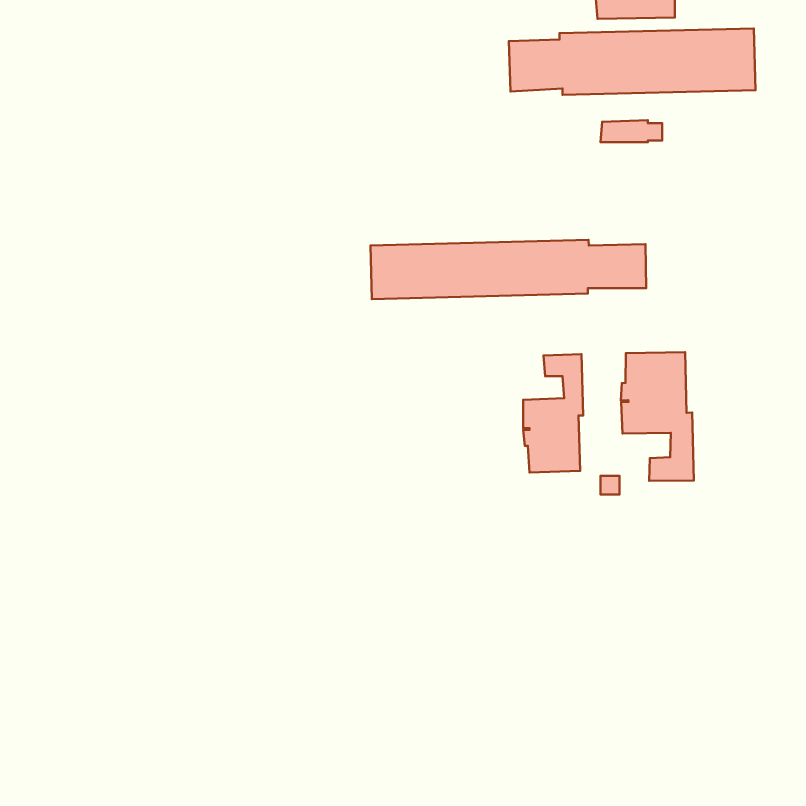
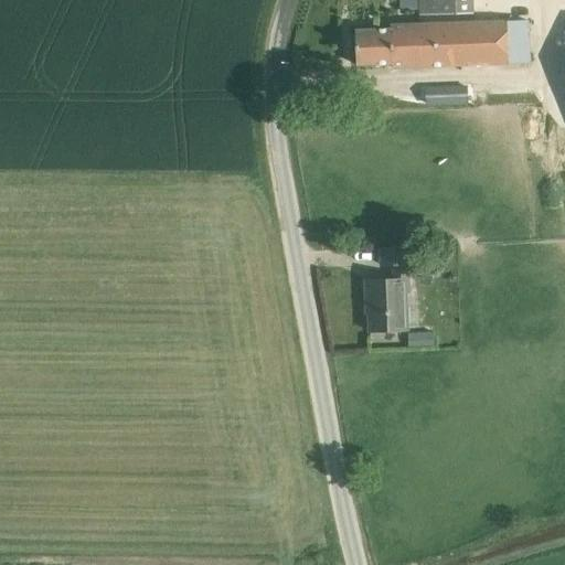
building: [370,240,646,299] -> none
building: [621,352,694,481] -> none

